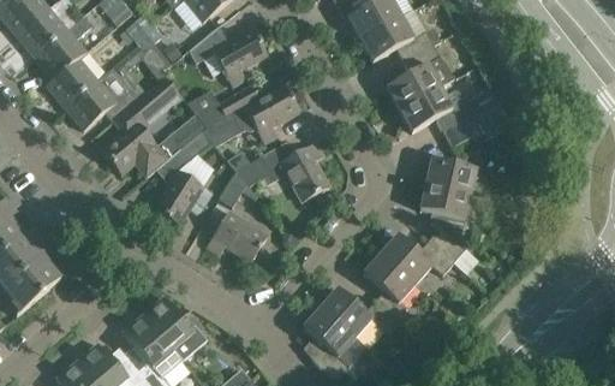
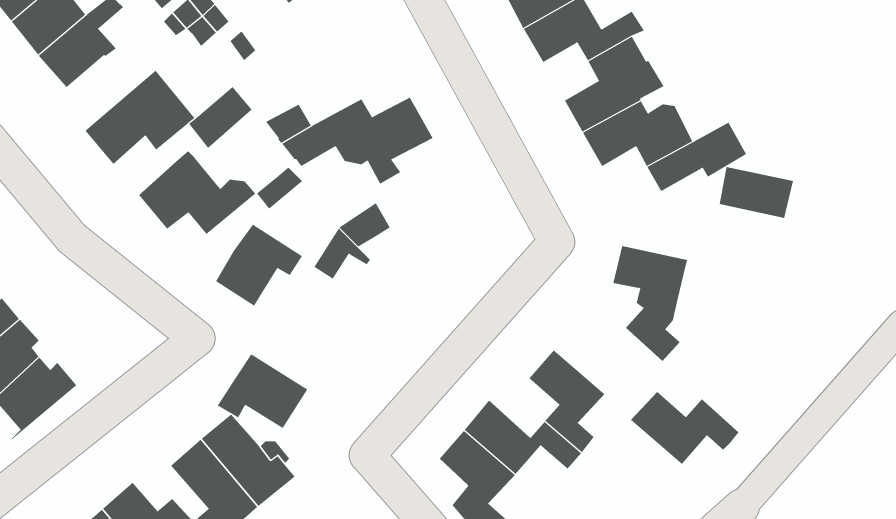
building: [187,25,267,87] -> none
building: [46,57,97,107] -> none
building: [279,141,329,201] -> none
building: [425,159,476,194] -> [719,167,794,218]
building: [205,210,267,261] -> [217,354,308,429]
building: [380,234,453,284] -> [630,391,739,465]

